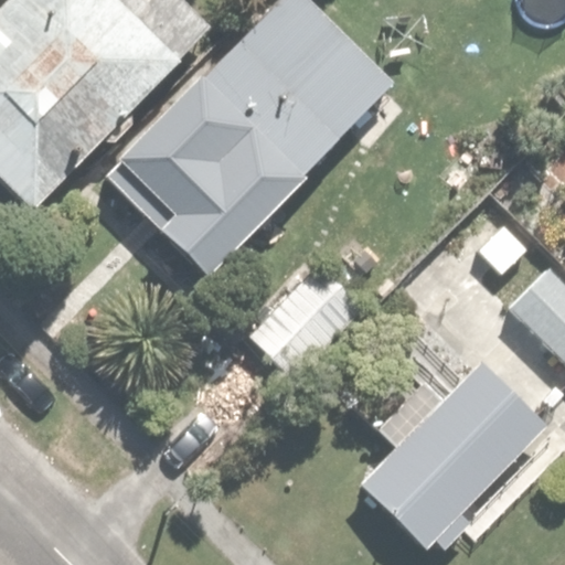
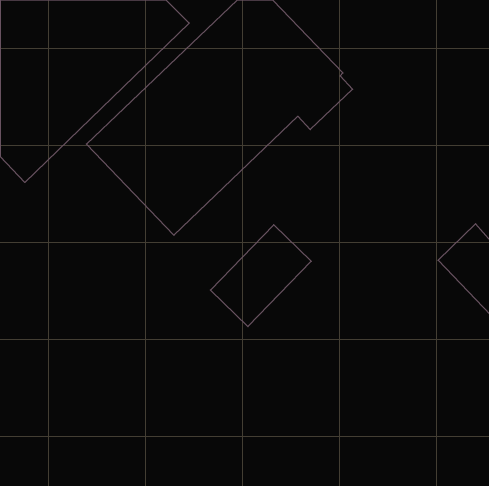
building: [363,355,552,544] -> none

